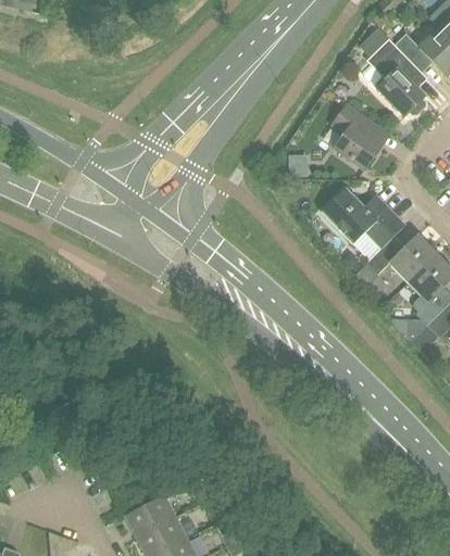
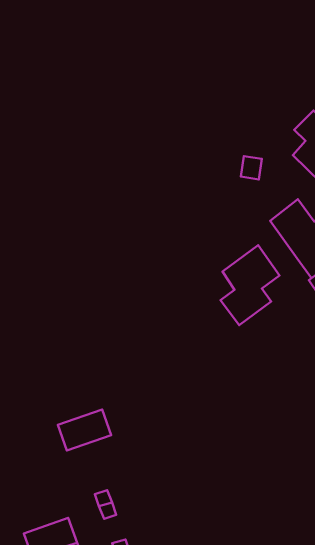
building: none -> [220,245,280,325]
building: [125,494,176,538] -> [58,409,111,451]

